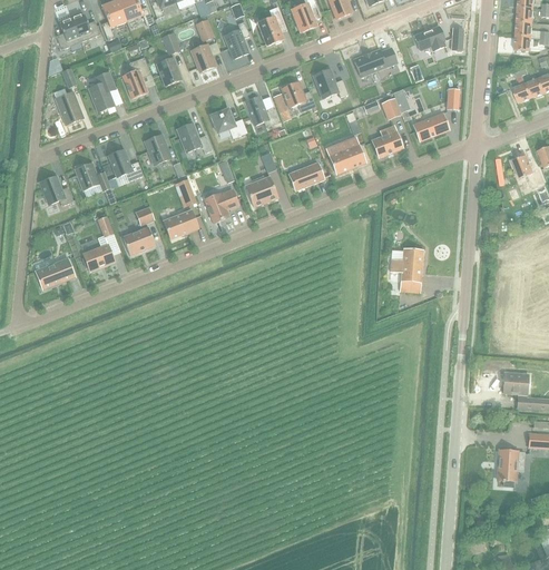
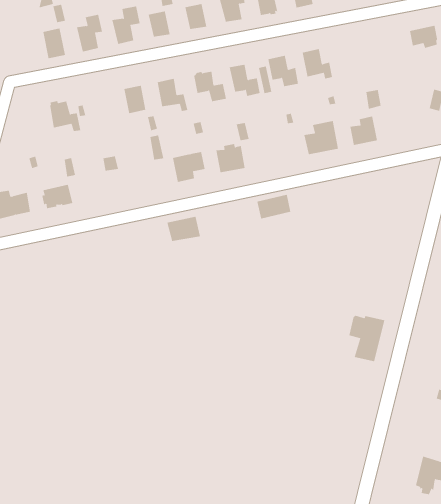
building: [353,47,396,76] -> none
building: [412,112,449,141] -> none
building: [108,149,143,181] -> none
building: [288,161,324,190] -> [257,194,291,219]
building: [39,176,73,205] -> none
building: [163,209,198,238] -> [167,216,201,242]
building: [122,226,155,255] -> none
building: [390,248,423,292] -> [348,315,385,362]

